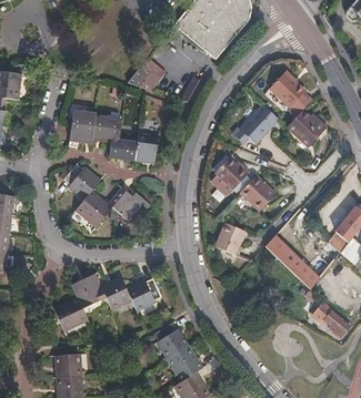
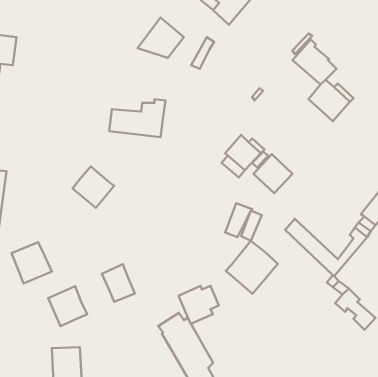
building: [234,105,279,145] -> none
building: [68,110,120,144] -> none
building: [61,161,98,198] -> none
building: [107,185,151,221] -> none
building: none -> [226,241,278,294]
building: [70,274,107,312] -> [11,242,52,284]
building: [123,279,160,314] -> [179,286,219,324]

